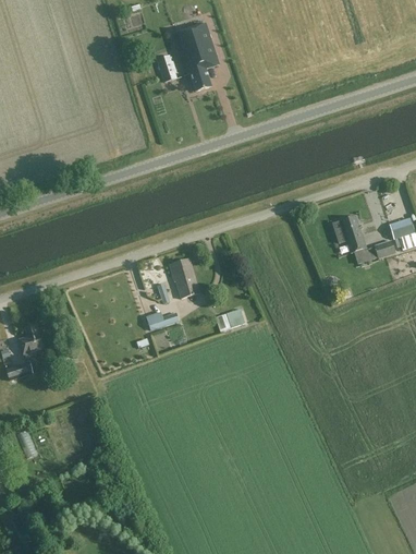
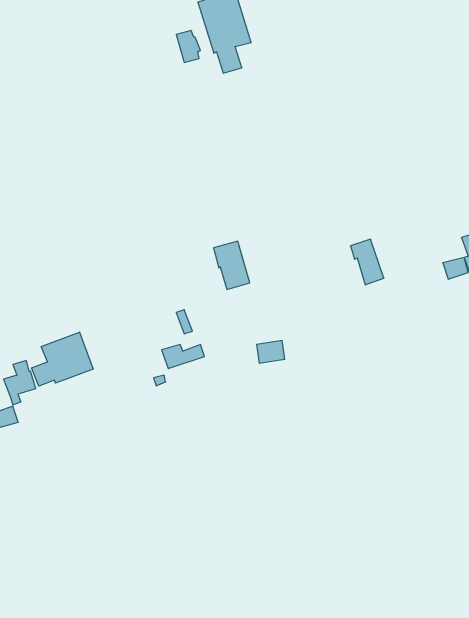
building: [339,215,366,252] -> [350,239,384,285]
building: [169,258,198,298] -> [214,241,250,289]
building: none -> [32,332,93,386]

